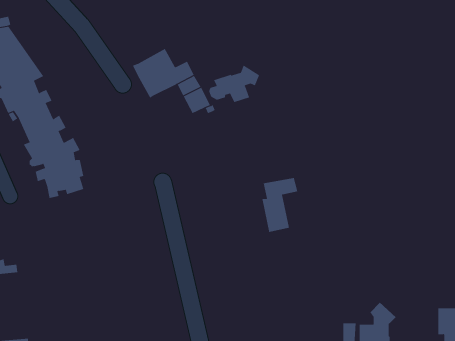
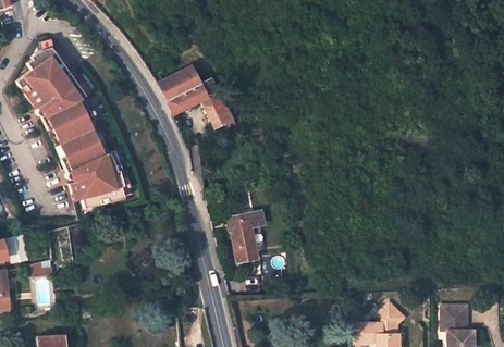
building: [209,65,260,103] -> none
building: [262,177,298,233] -> [232,211,266,262]

